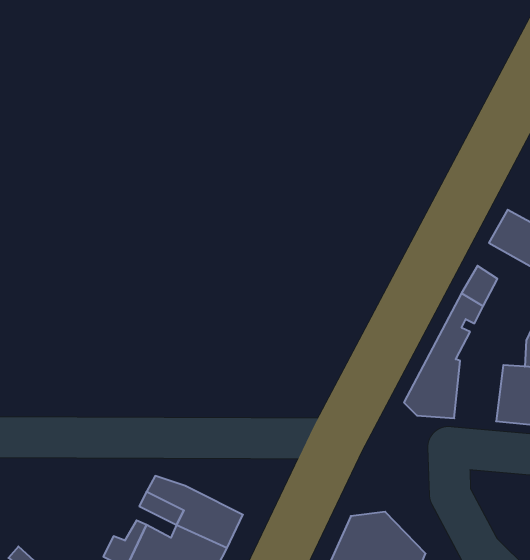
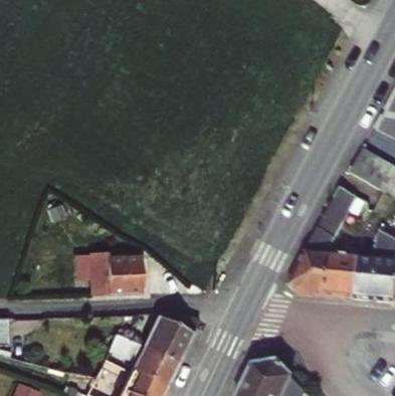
building: none -> [90,251,142,294]
building: none -> [326,254,360,296]
building: none -> [144,311,199,362]

